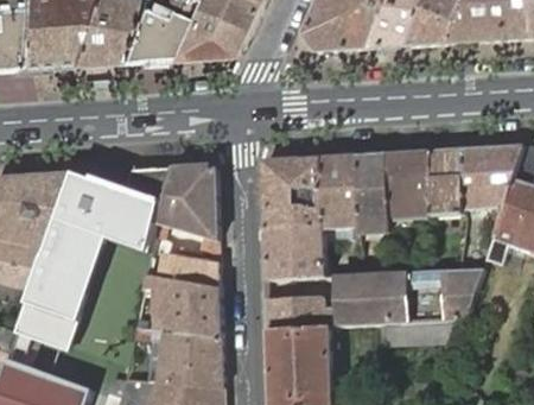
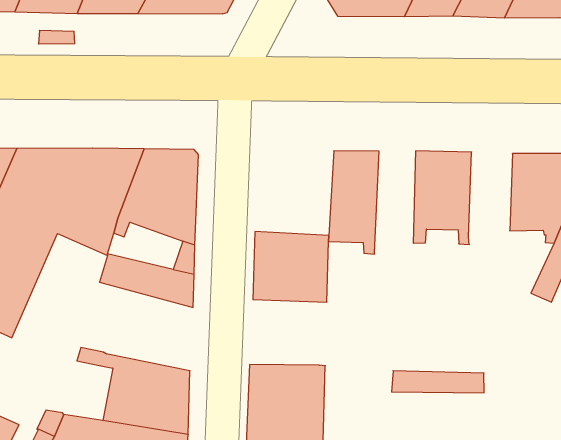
building: [430,150,464,217] -> none
building: [357,153,389,235] -> none
building: [263,158,323,226] -> none
building: [337,268,483,325] -> none
building: [135,274,222,338] -> none
building: [268,296,323,330] -> none

